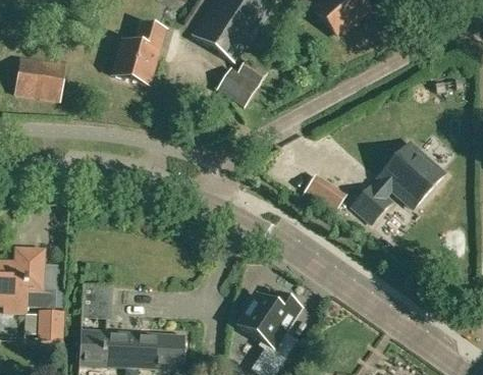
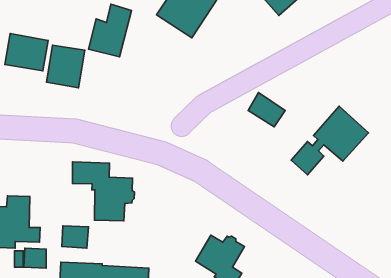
building: [217,58,266,106] -> none
building: none -> [46,45,85,88]
building: [303,174,346,215] -> [248,92,285,127]
building: none -> [72,162,134,221]

